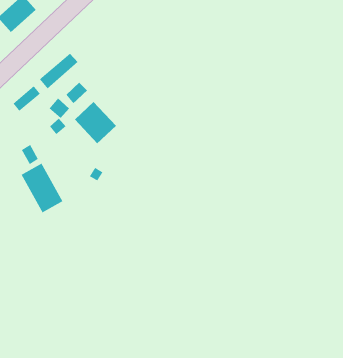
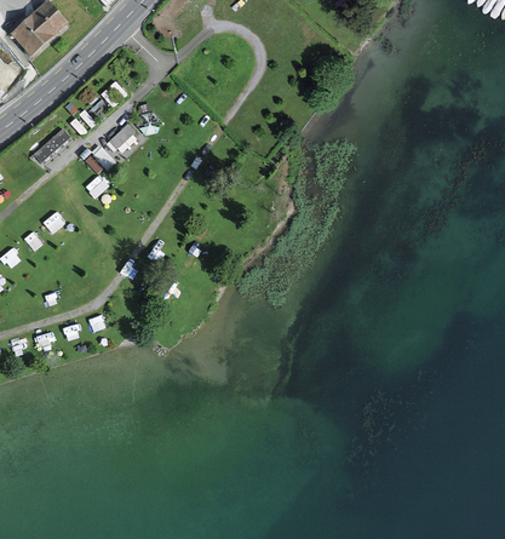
building: [74,101,117,144] -> none
building: [20,162,63,213] -> none

